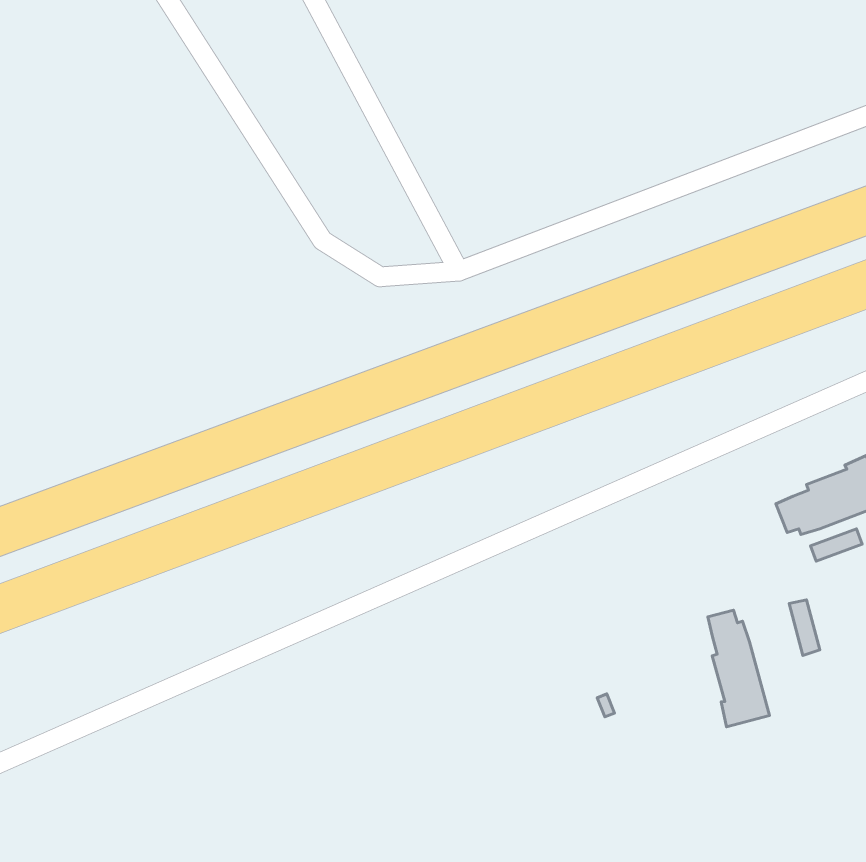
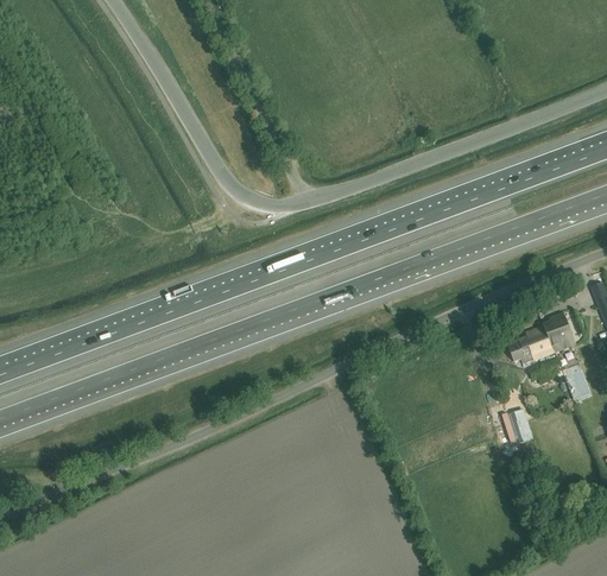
building: [708,610,769,727] -> none

